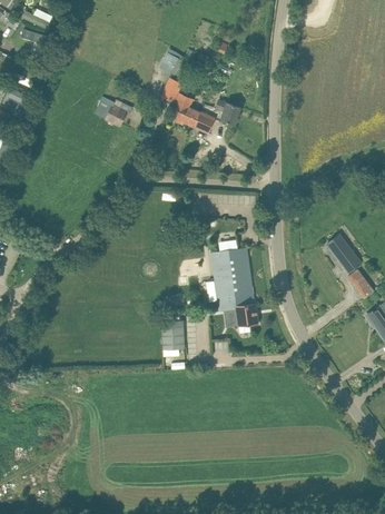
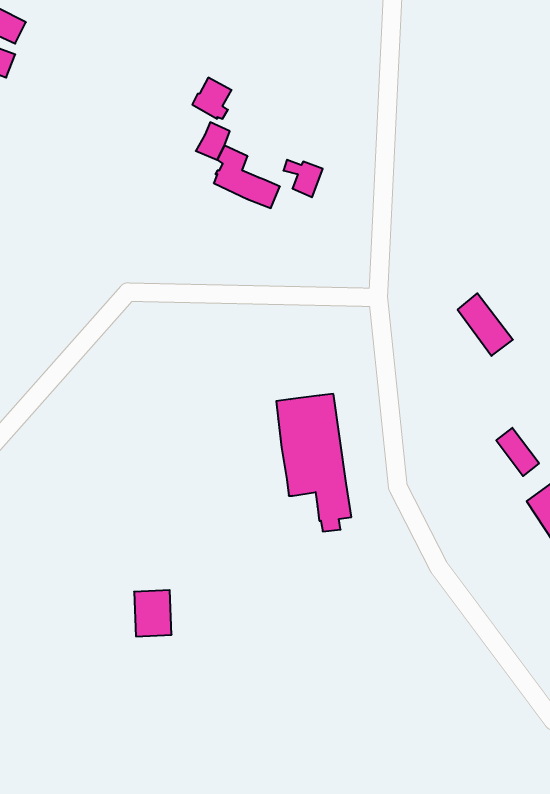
building: [93,97,131,126] -> none
building: [326,234,361,273] -> [458,293,513,356]
building: [160,320,184,349] -> [134,590,172,636]

